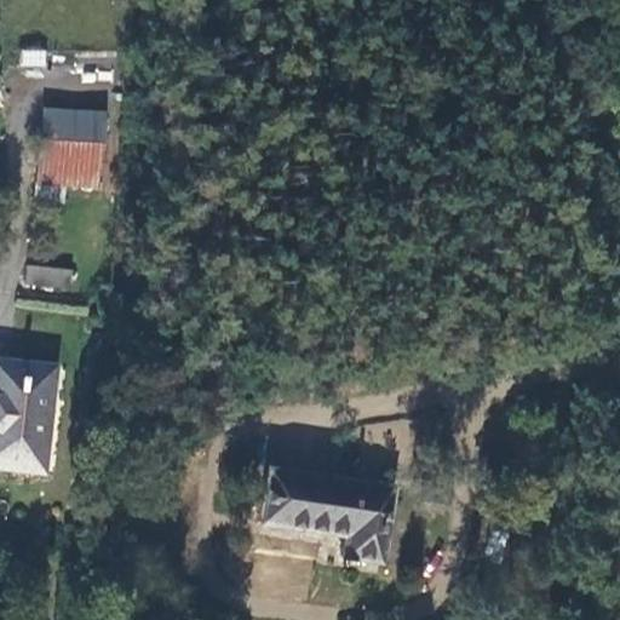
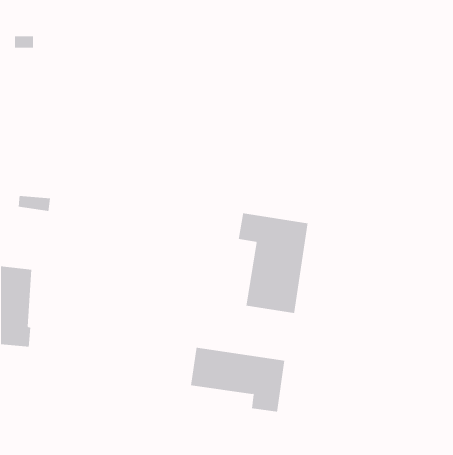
building: [38,102,107,189] -> none
building: none -> [238,212,308,314]

